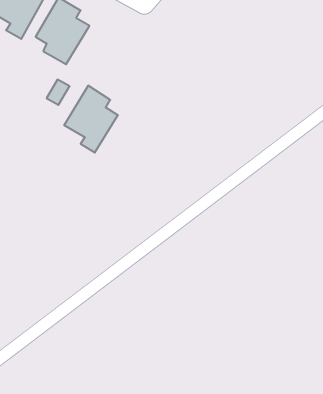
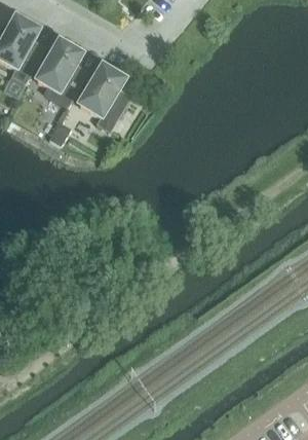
building: [64,86,118,153] -> [78,63,128,125]

